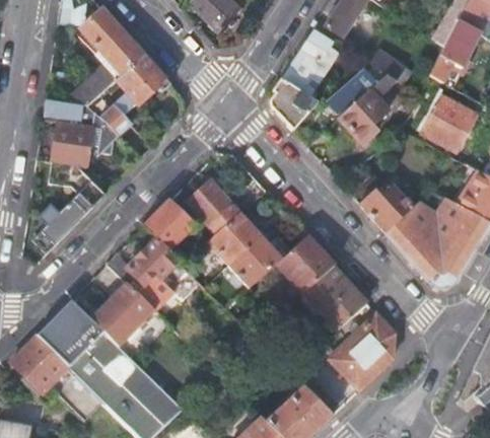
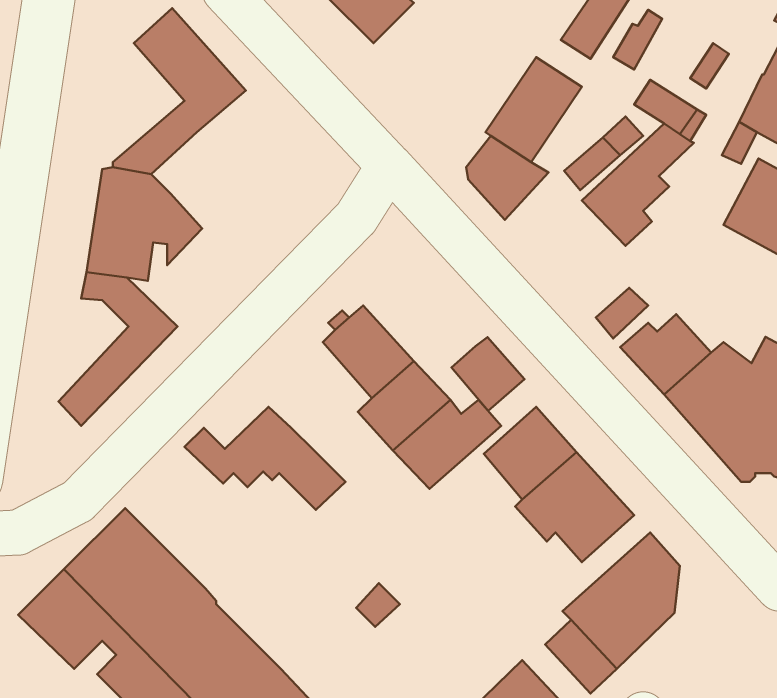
building: [100,56,171,136] -> none
building: none -> [451,337,525,411]
building: [145,200,195,251] -> none
building: [92,281,156,345] -> none

